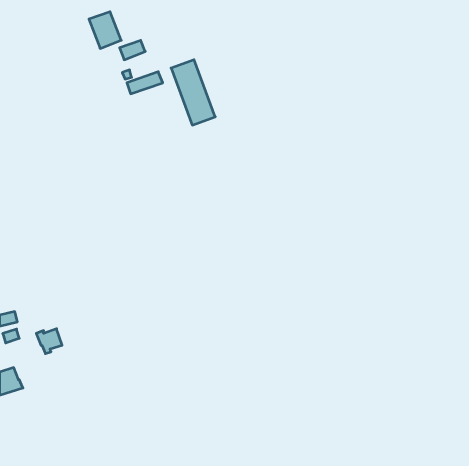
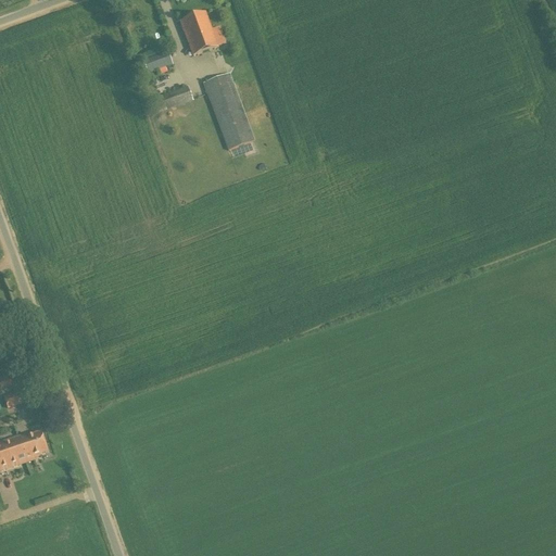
building: [89,12,121,48] -> [179,10,217,53]
building: [36,329,62,354] -> [16,429,47,458]

